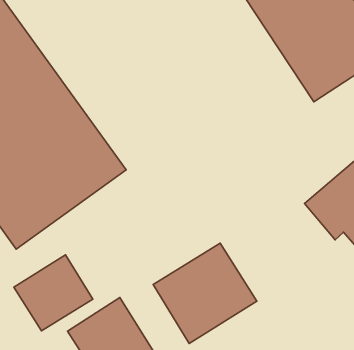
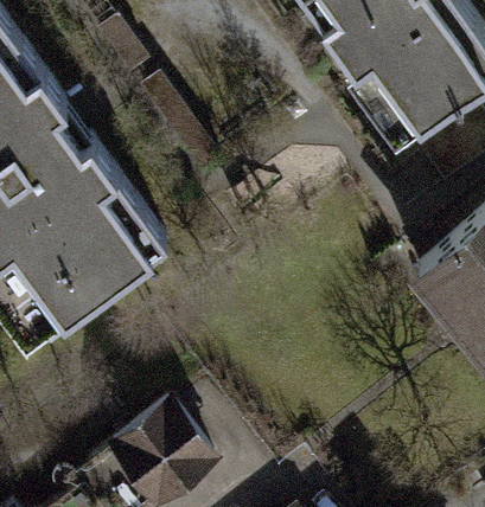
building: [153,243,257,344] -> none
building: [14,255,93,331] -> none

